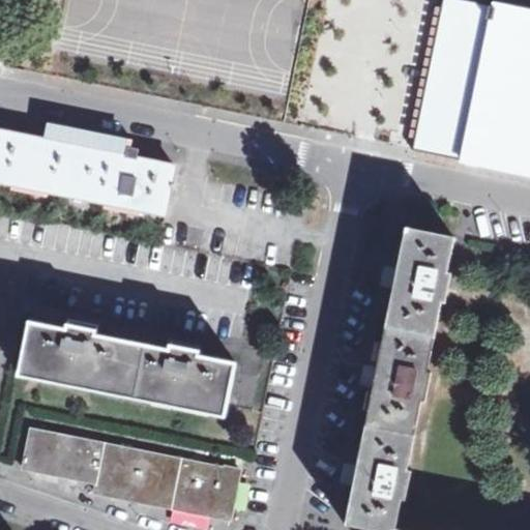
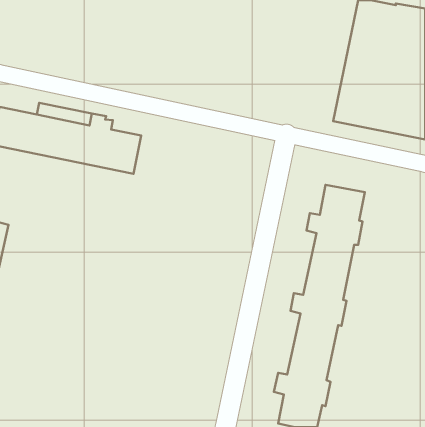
building: [19,320,234,412] -> none
building: [22,428,238,521] -> none

